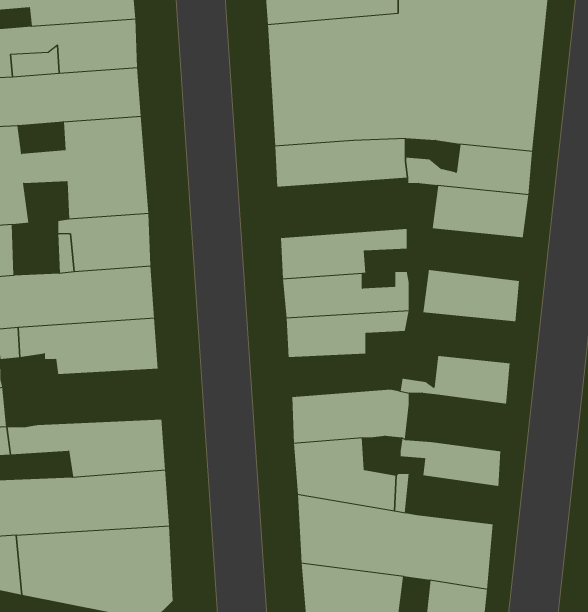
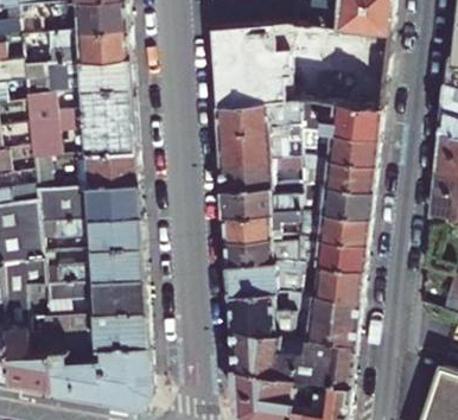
building: none -> [217,126,300,164]
building: none -> [313,158,374,191]
building: none -> [297,210,369,243]
building: none -> [224,237,297,265]
building: none -> [57,247,145,284]
building: none -> [316,263,363,299]
building: none -> [306,314,358,345]

